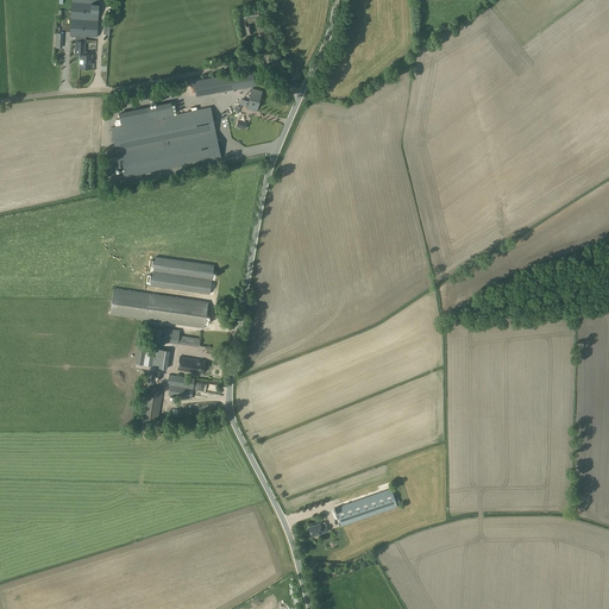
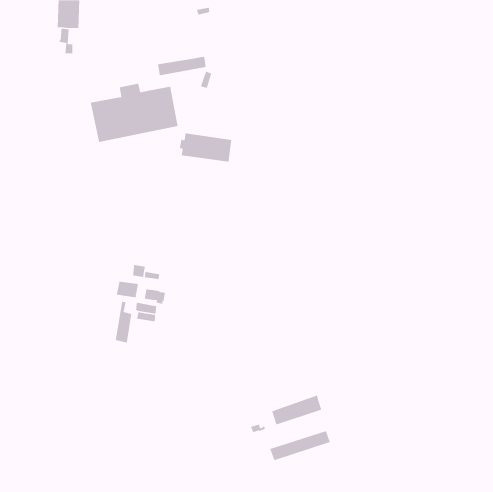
building: [147,256,213,293] -> [179,133,232,163]
building: [109,288,208,327] -> none
building: none -> [269,430,331,461]

